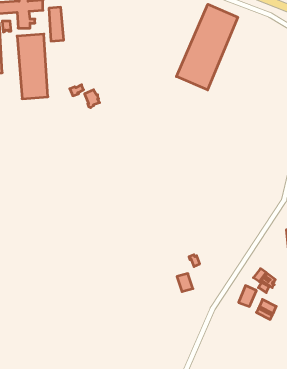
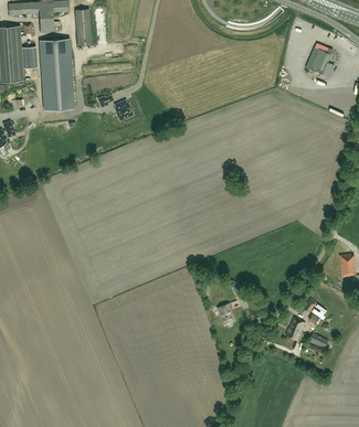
building: [176,4,238,90] -> none
building: none -> [306,47,335,78]

